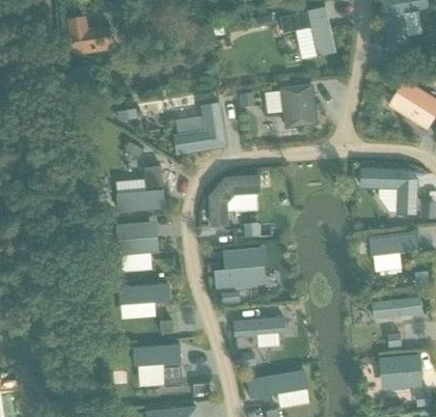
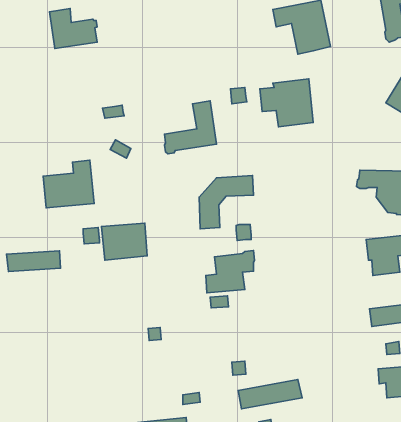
building: [116,166,165,212] -> [43,160,94,208]
building: [118,284,170,304] -> [6,251,61,271]
building: [234,316,285,349] -> none
building: [134,344,183,387] -> none

